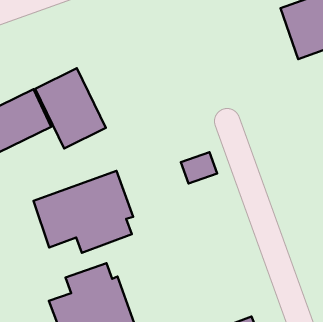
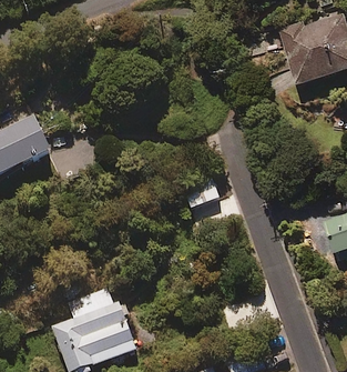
building: [35,68,106,149] -> none
building: [33,171,133,253] -> none

